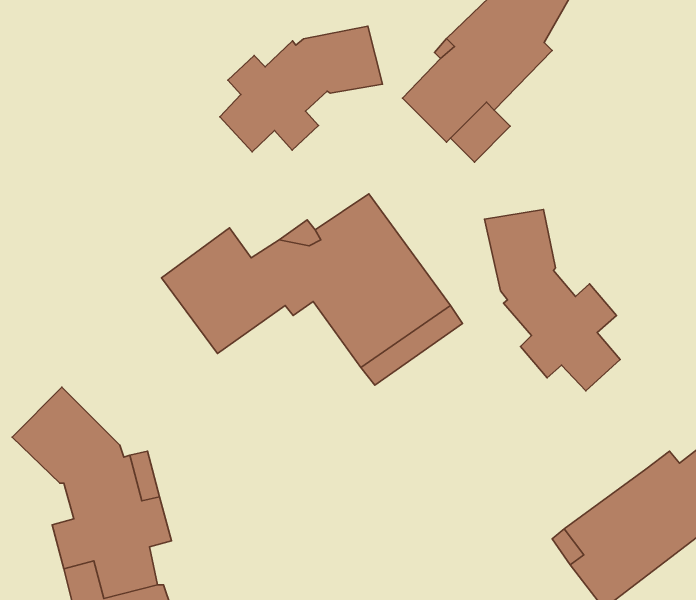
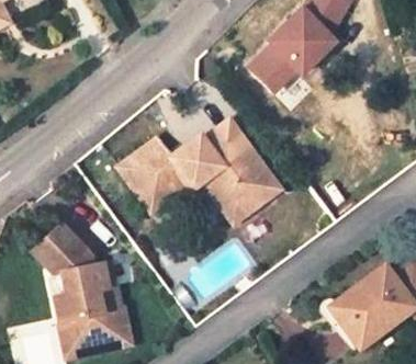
building: [220,26,383,152] -> none
building: [484,209,620,391] -> none

